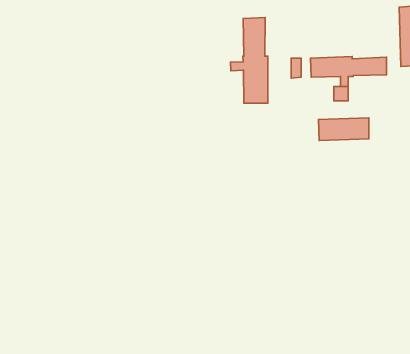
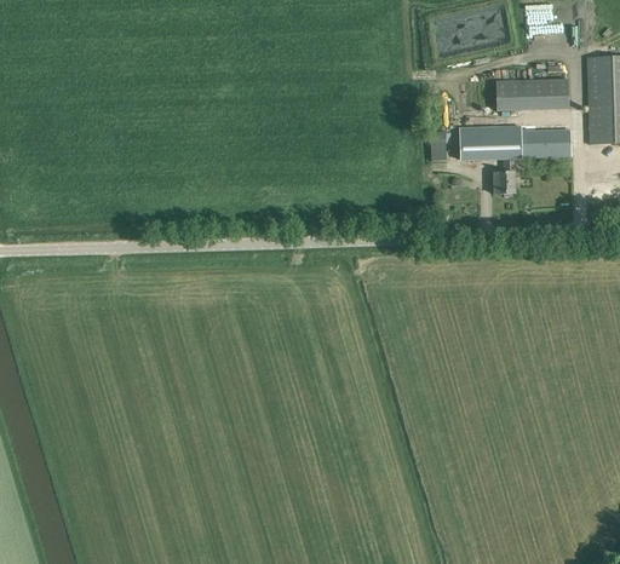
building: [230,18,268,103] -> none
building: [318,118,369,141] -> [495,77,568,110]

